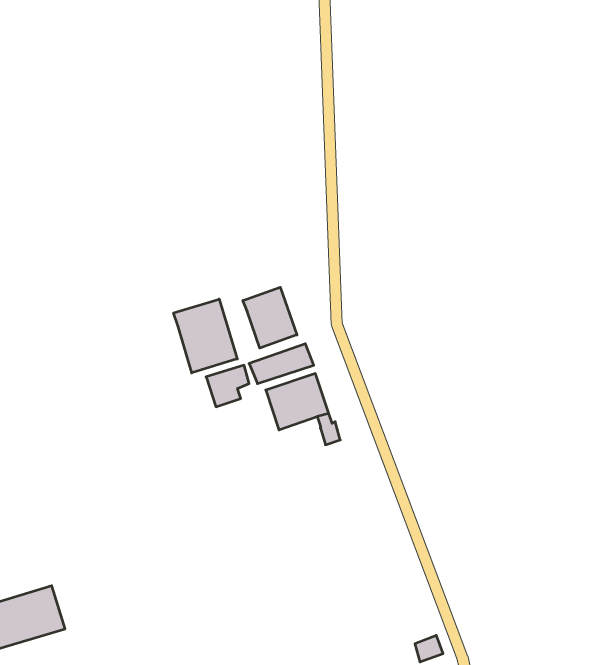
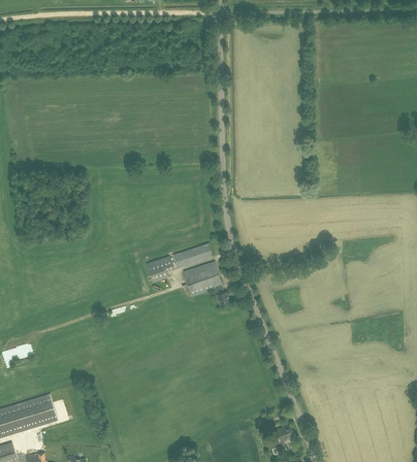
building: [243,287,297,348] -> none
building: [174,299,237,373] -> none

